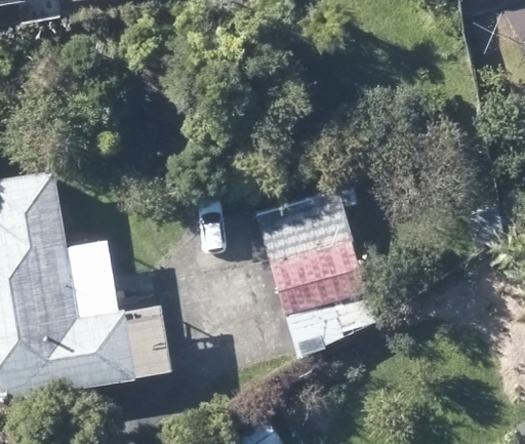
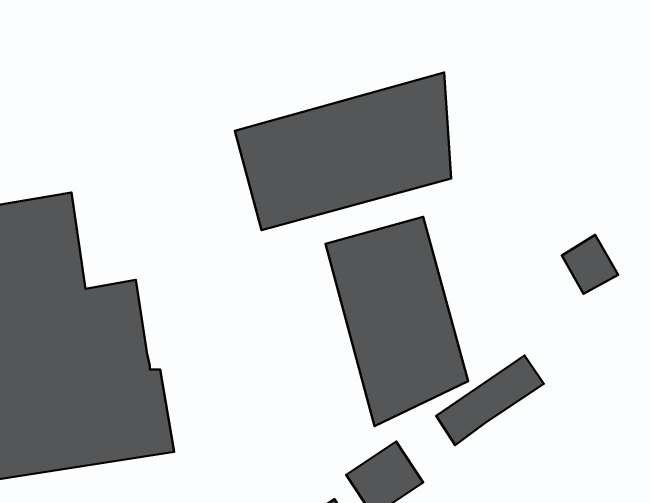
building: none -> [235,72,451,230]

